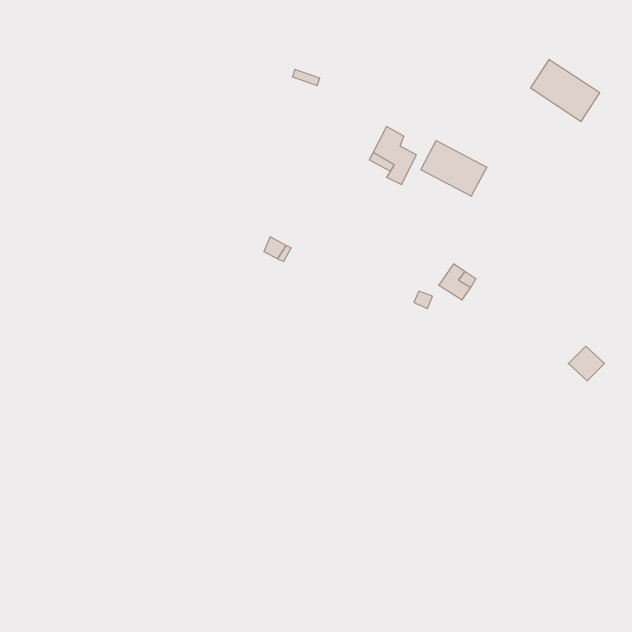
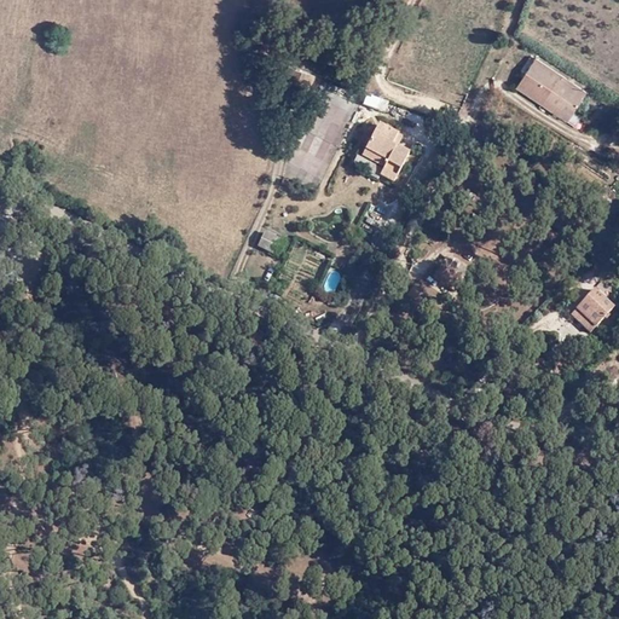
building: [421,141,487,196] -> none
building: [568,346,604,381] -> [577,290,612,324]

